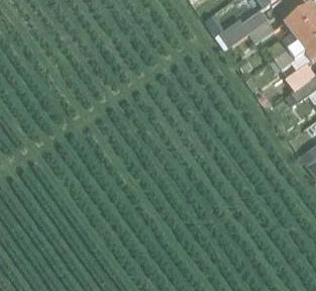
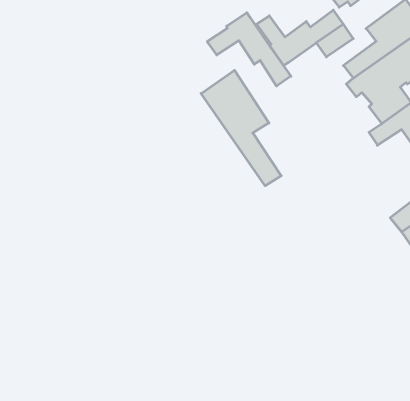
building: none -> [207,13,291,86]
building: none -> [201,70,281,186]

